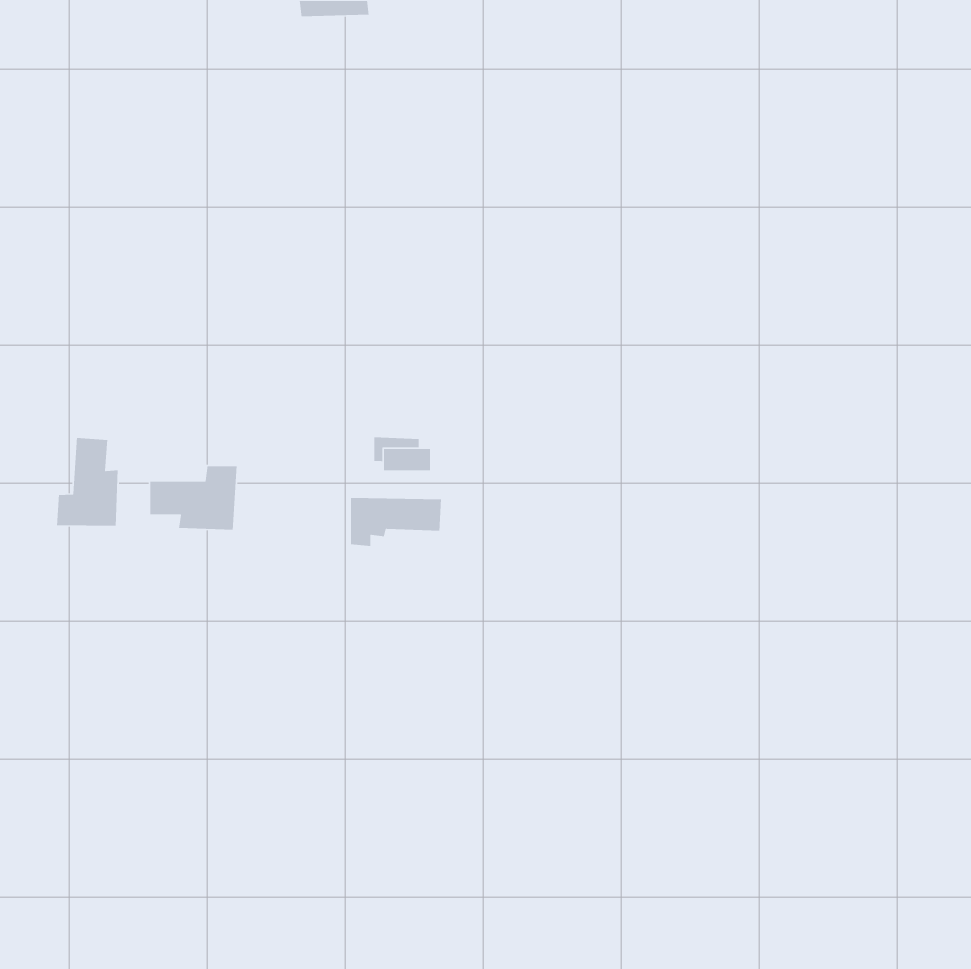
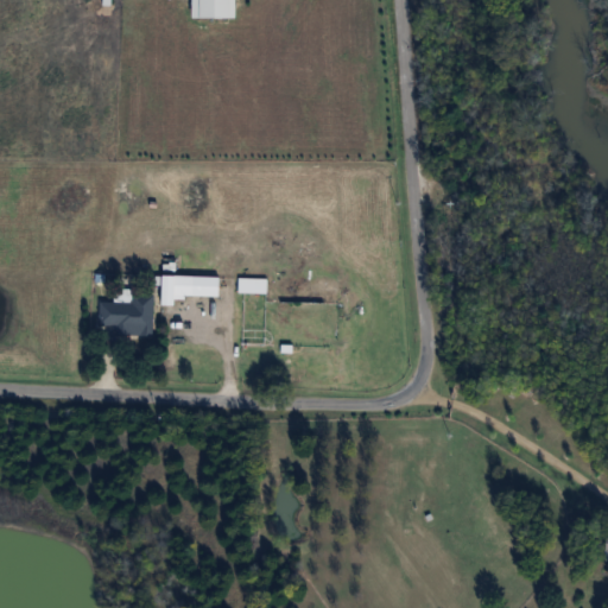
building: [56,437,118,526] -> none
building: [350,497,442,547] -> [162,274,218,305]

